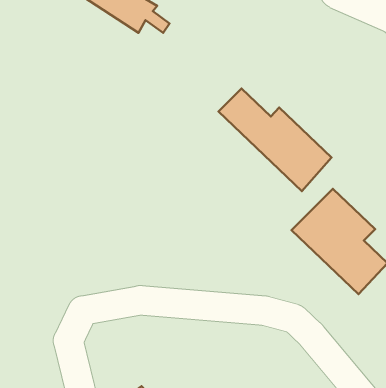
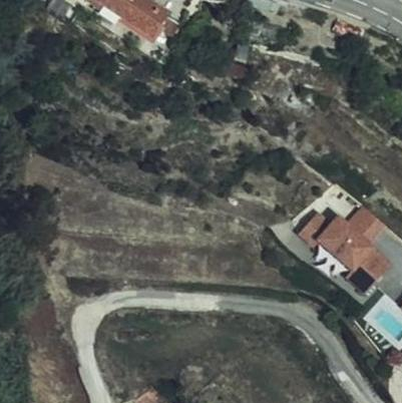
building: [219,89,331,191] -> none

